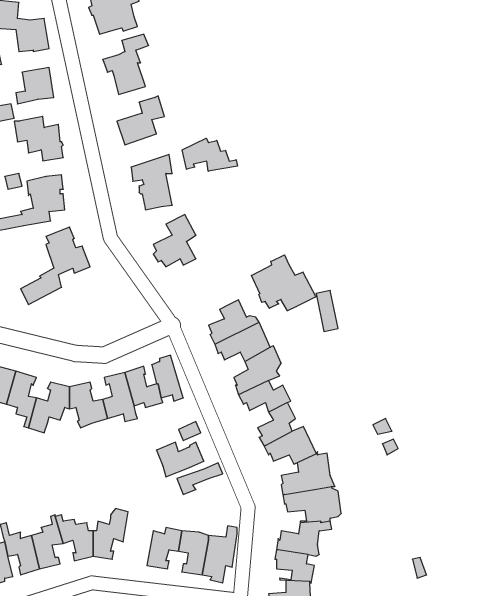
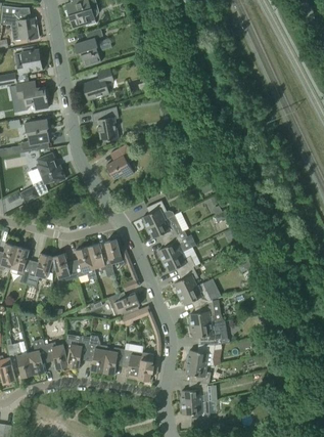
building: [182,138,237,171] -> none
building: [251,255,316,311] -> none
building: none -> [87,338,107,373]

